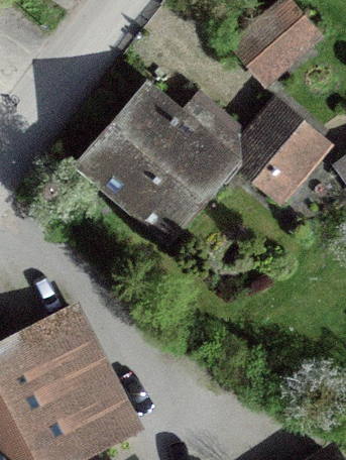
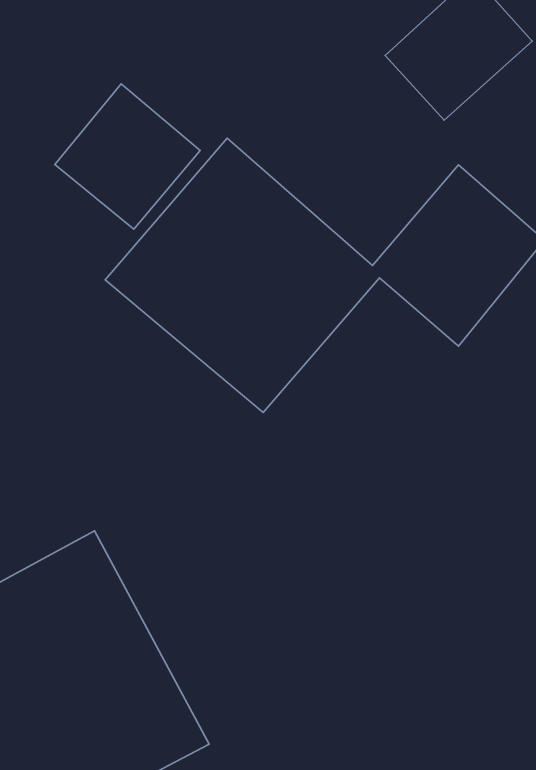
building: none -> [55,84,200,229]

